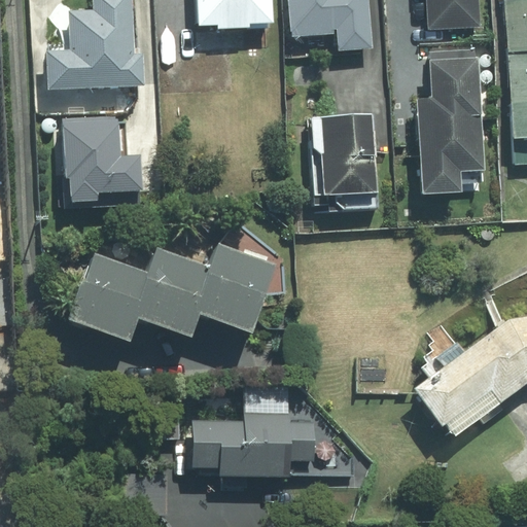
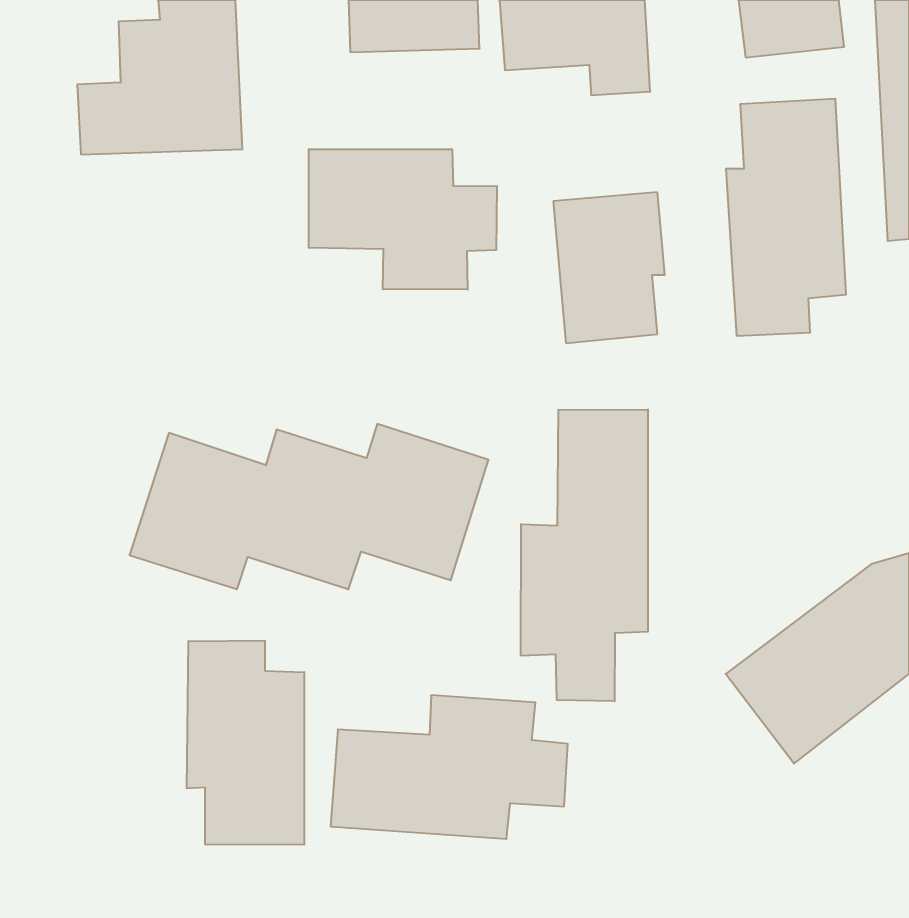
building: none -> [309,149,497,290]
building: [57,118,143,205] -> none
building: none -> [521,409,648,701]
building: none -> [187,641,304,845]

